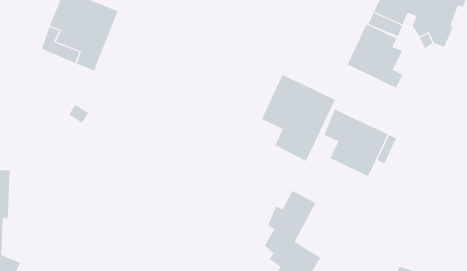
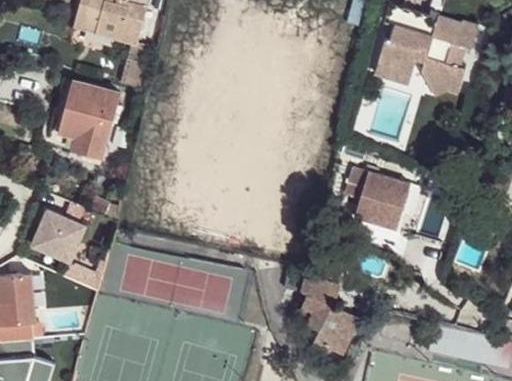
building: [347,23,403,89] -> none
building: [261,74,336,162] -> none
building: none -> [29,208,95,285]

